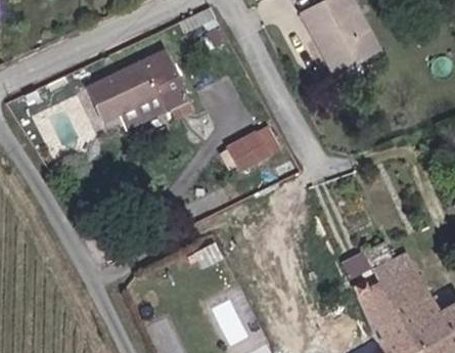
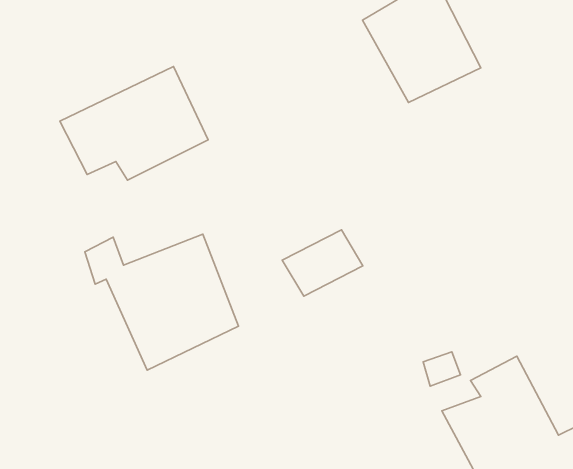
building: [227,125,284,172] -> [282,230,363,296]
building: none -> [85,234,239,370]

